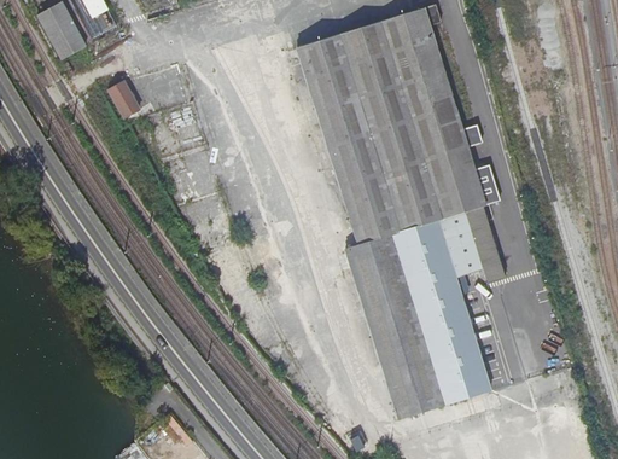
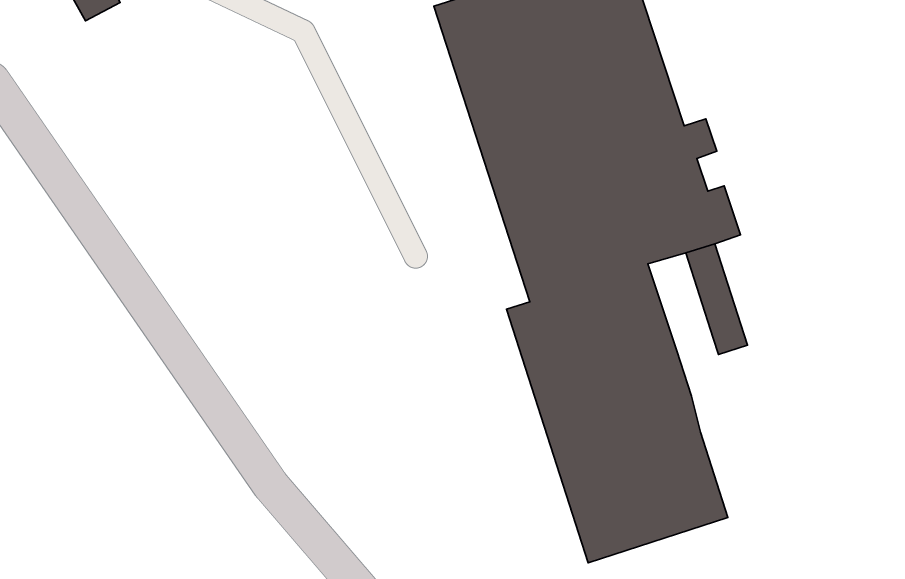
building: [109,77,140,112] -> none
building: [437,210,480,275] -> none

